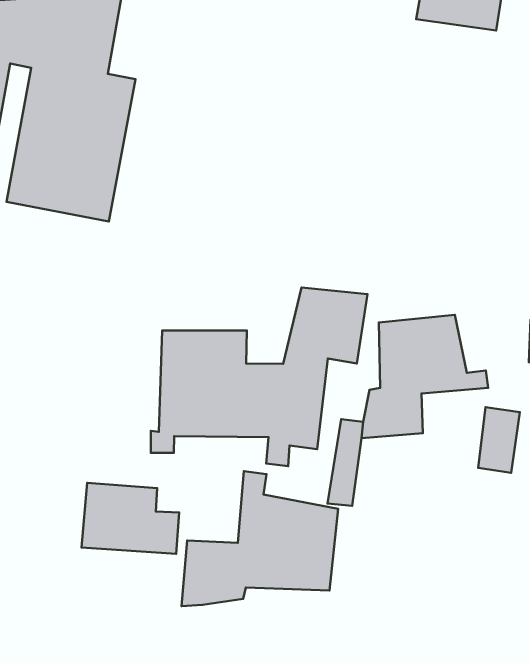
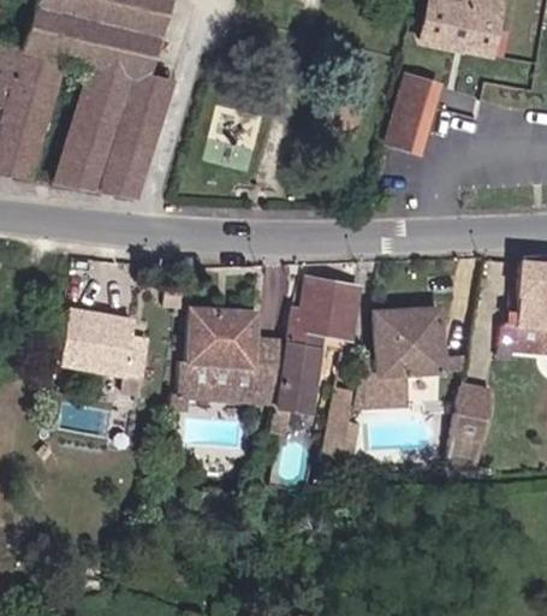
building: none -> [388,77,439,155]
building: [182,471,338,606] -> none
building: [82,483,179,554] -> [60,306,148,373]

